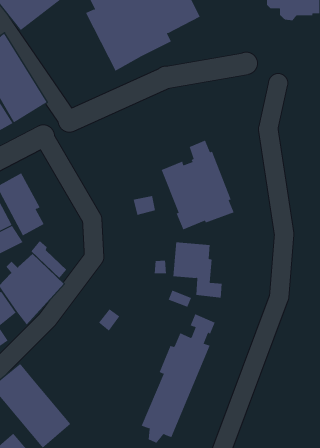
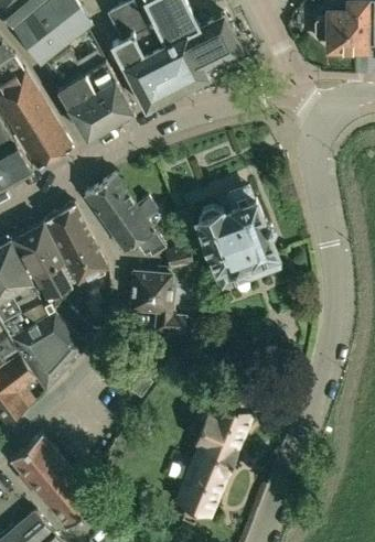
building: none -> [49,52,135,140]
building: none -> [84,174,164,256]
building: none -> [44,204,107,284]
building: [173,242,222,298] -> [129,271,184,334]

